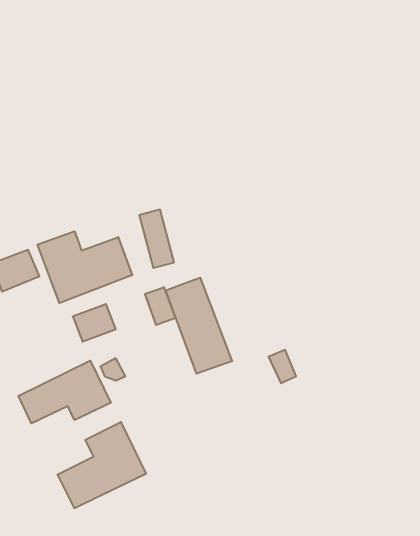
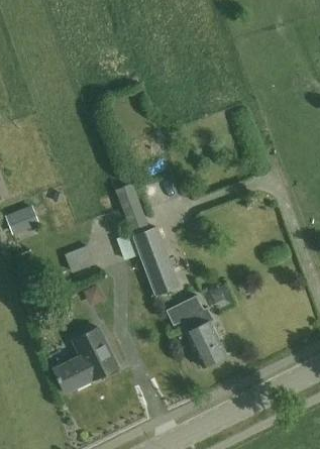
building: [37,231,132,303] -> none
building: [19,361,111,423] -> none
building: none -> [167,296,226,367]

